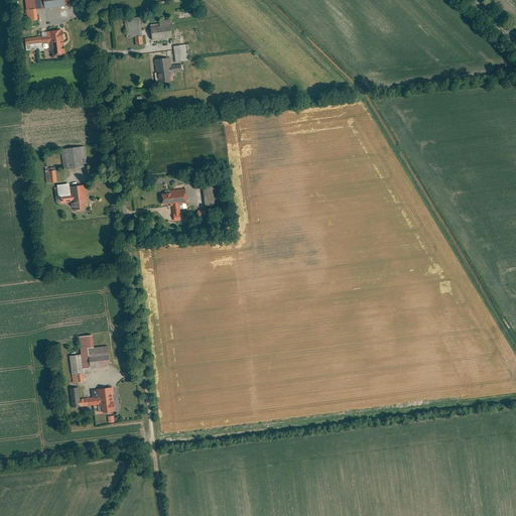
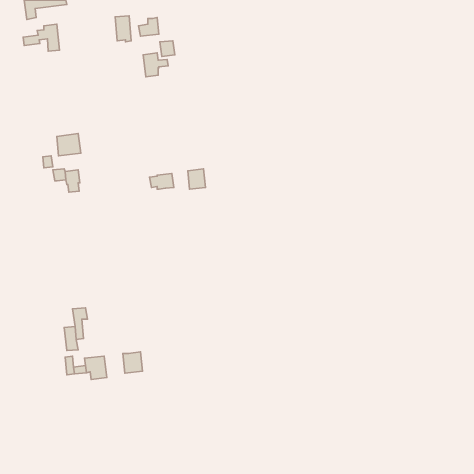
building: [89,345,110,368] -> [123,352,142,373]

